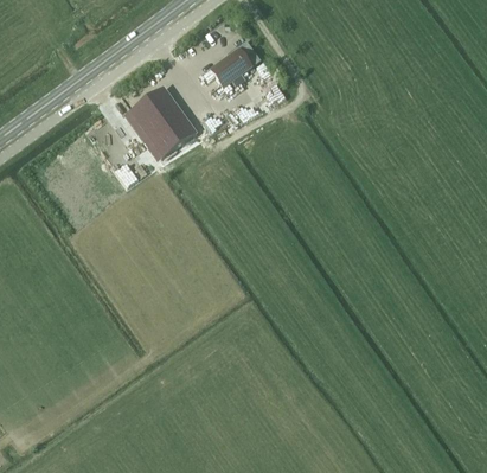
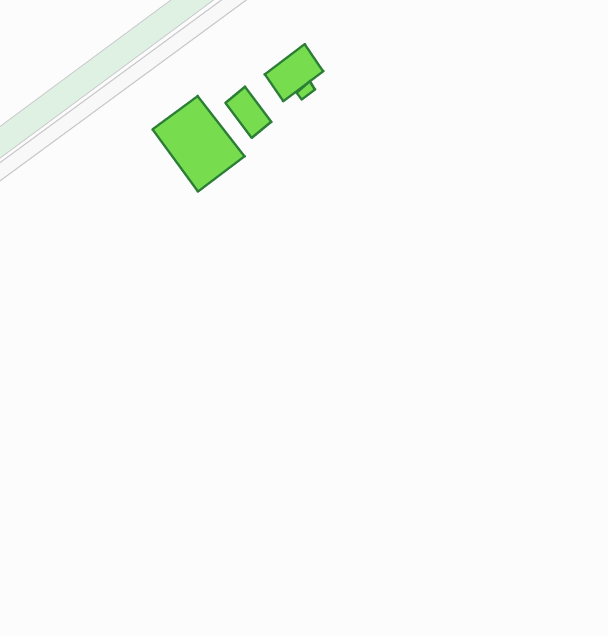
building: none -> [226,87,271,138]

